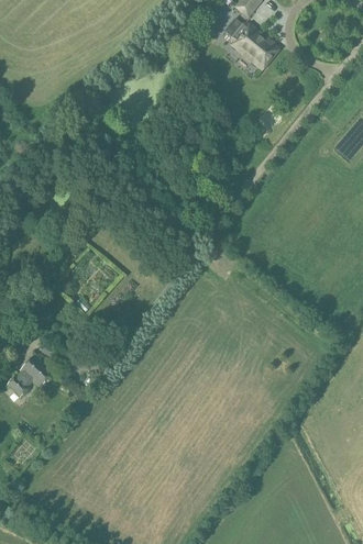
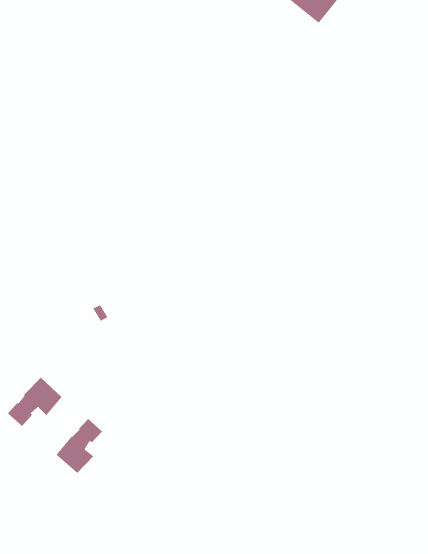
building: none -> [55,418,103,474]

